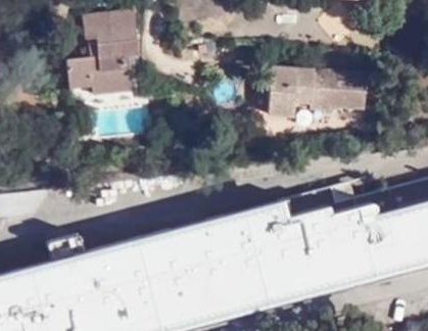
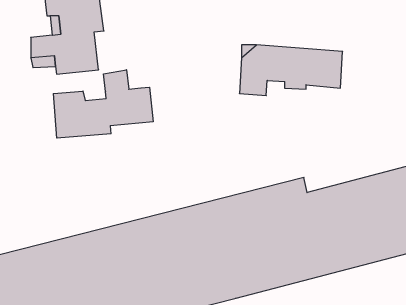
building: none -> [53,70,153,138]

